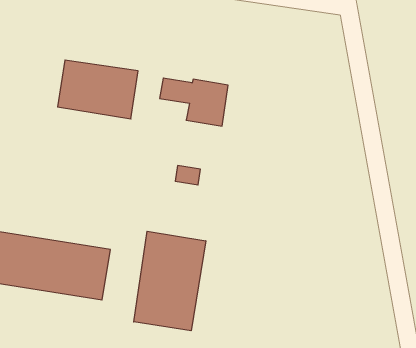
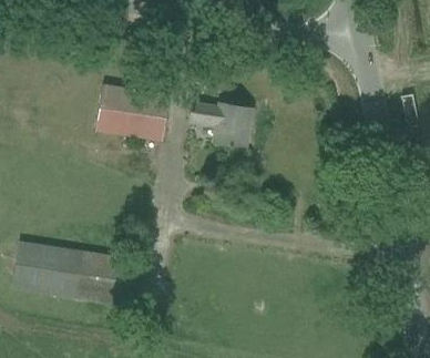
building: [134,231,206,331] -> none

